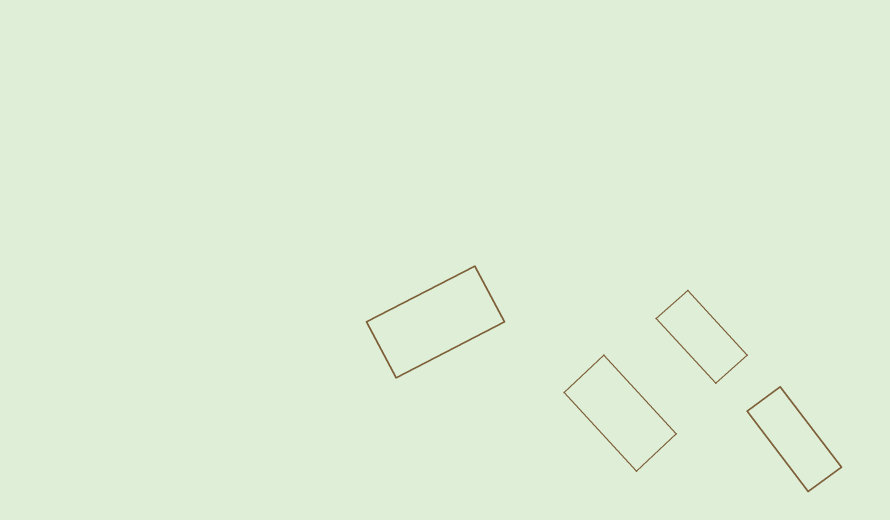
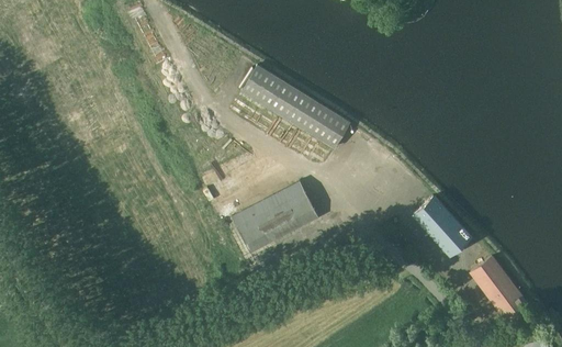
building: none -> [245,69,350,147]
building: [564,355,676,471] -> none

